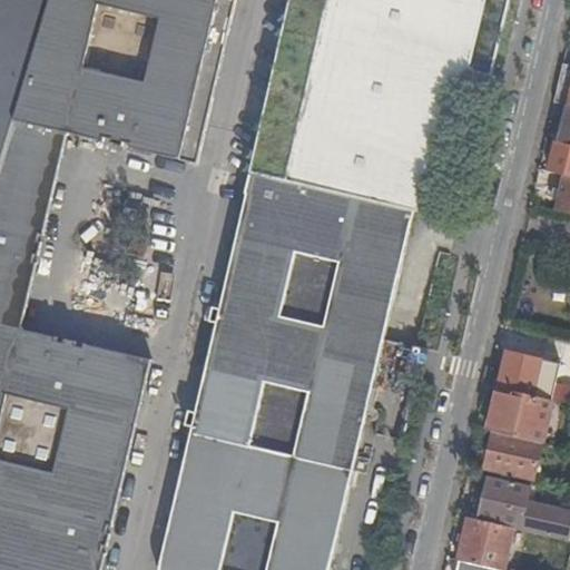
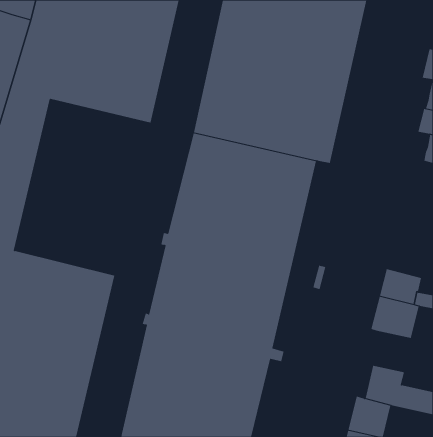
building: [481,431,537,478] -> none

